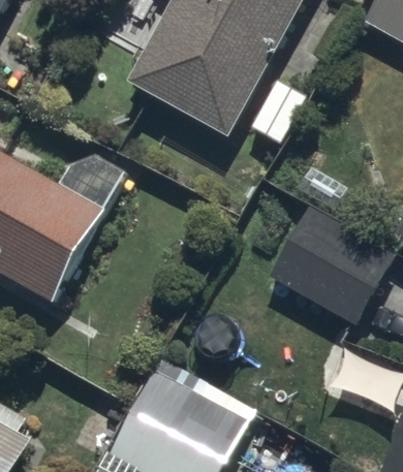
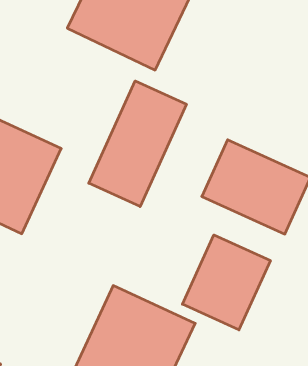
building: none -> [89,81,186,207]
building: none -> [182,235,270,330]

